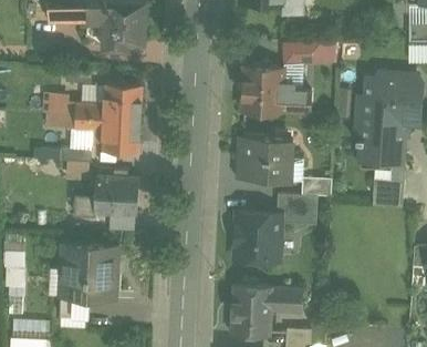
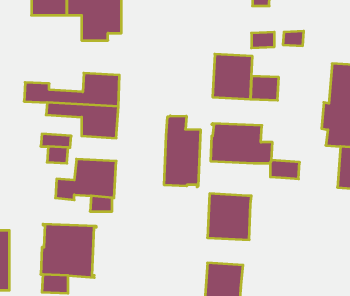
building: none -> [164,116,200,187]
building: [277,193,317,224] -> none
building: [270,287,303,313] -> none

